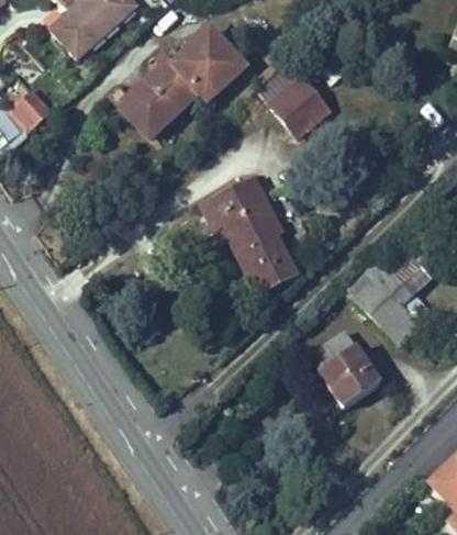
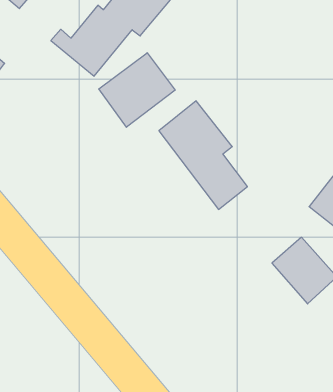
building: [271,80,331,138] -> none
building: none -> [99,53,175,127]

